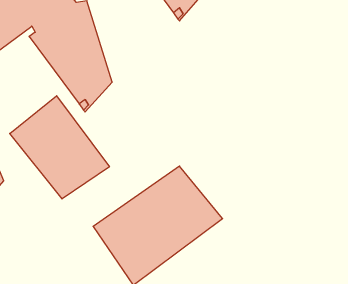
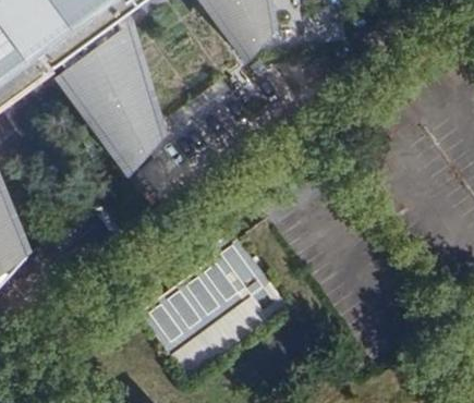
building: [10,96,109,199] -> none

